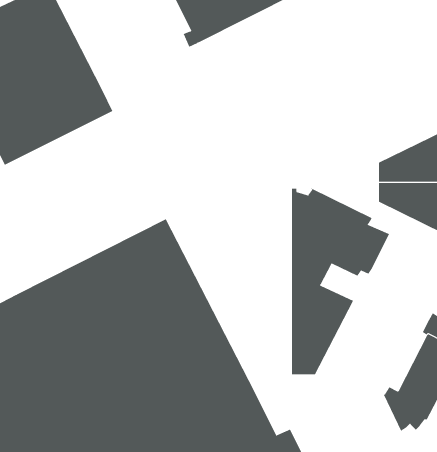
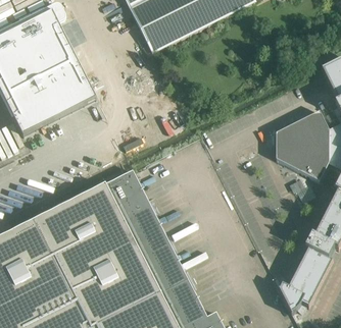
building: [291,188,390,375] -> none

